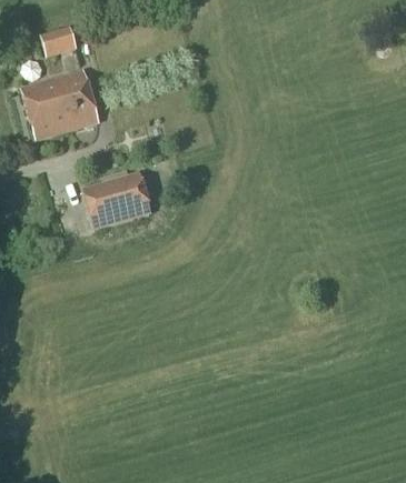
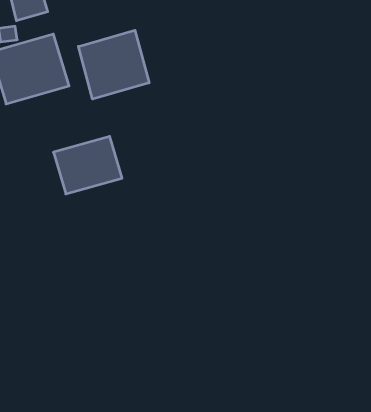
building: none -> [78,30,149,99]

